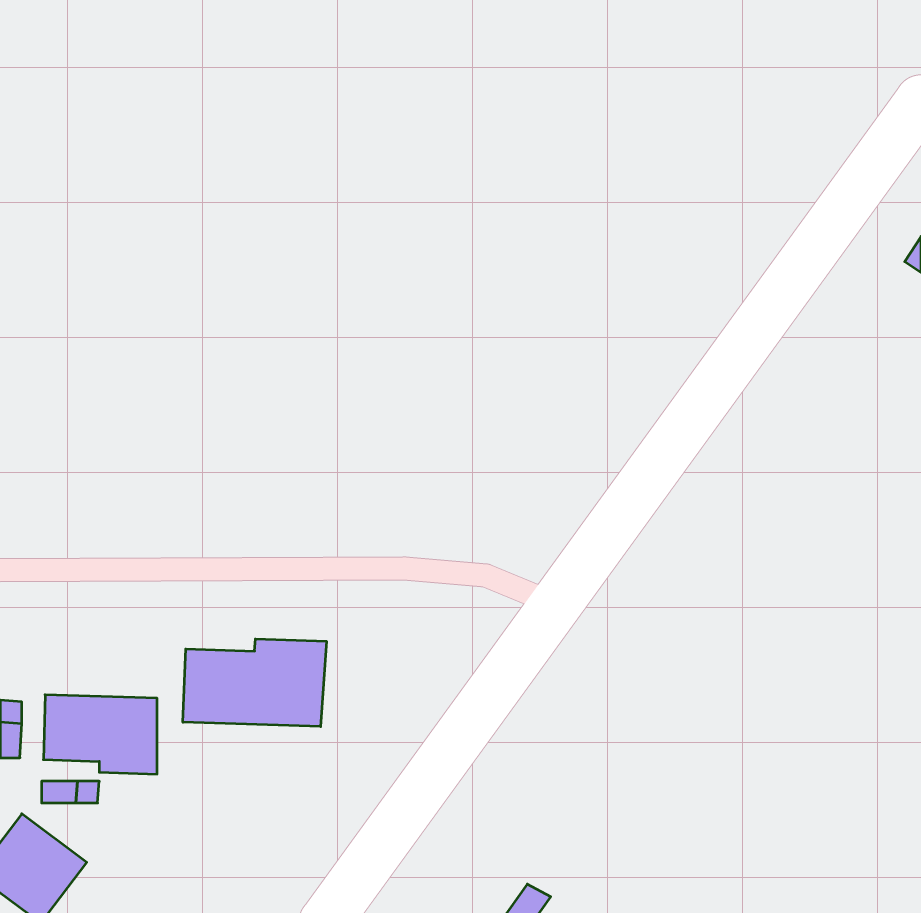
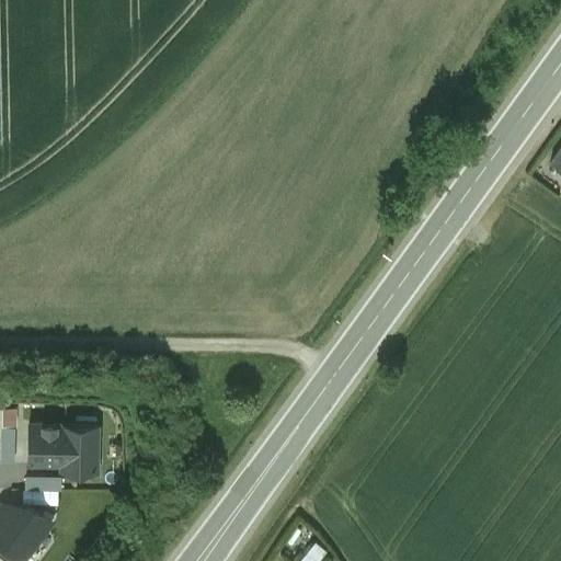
building: [183,639,326,727] -> none

